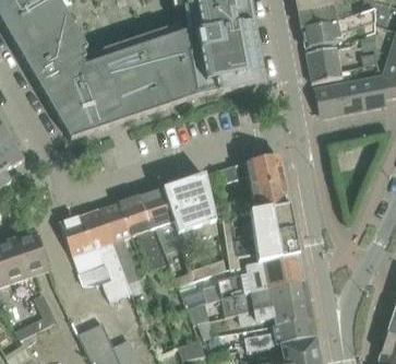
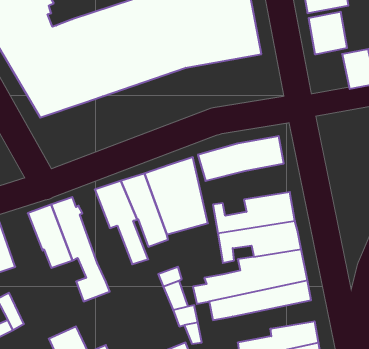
building: [313,82,341,116] -> none
building: [228,178,289,213] -> none
building: [98,201,139,282] -> none
building: [239,298,311,324] -> none

